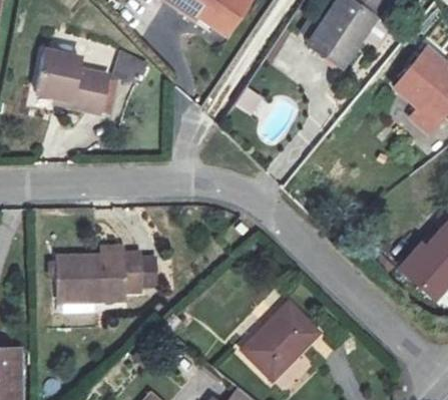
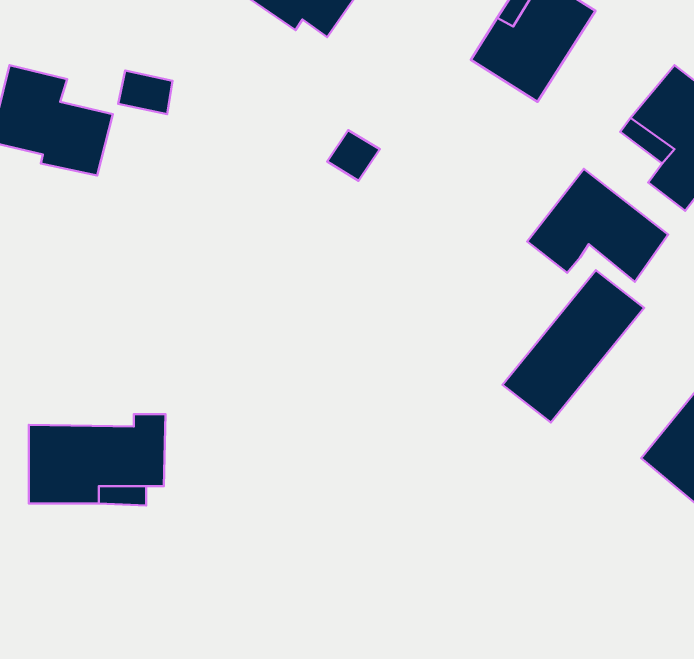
building: none -> [527,169,668,282]
building: none -> [502,270,644,422]
building: [237,301,317,380] -> none

